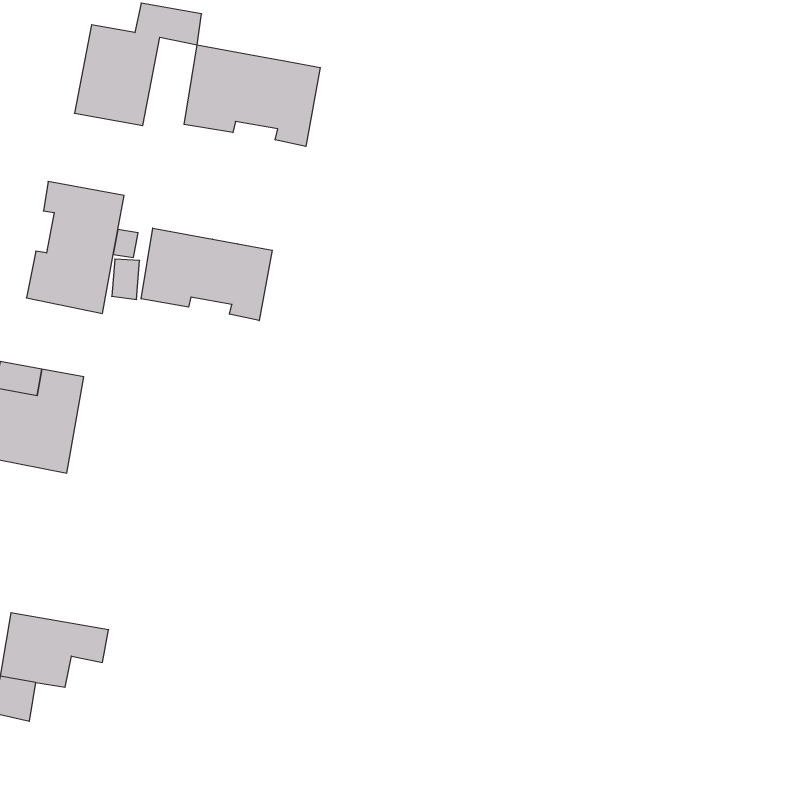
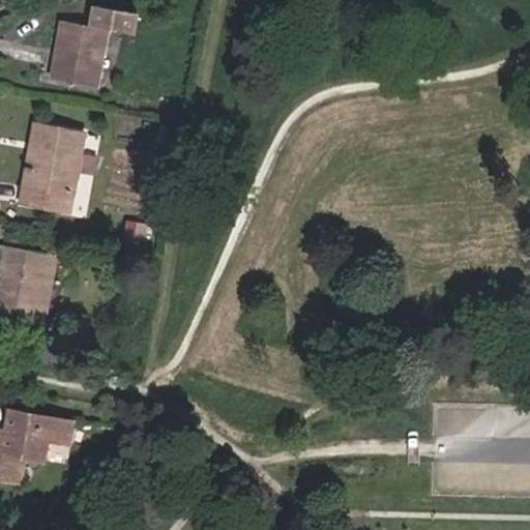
building: [184,45,320,146] -> none
building: [141,228,272,321] -> none

